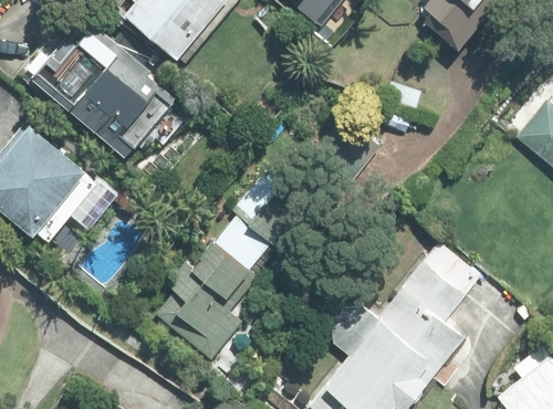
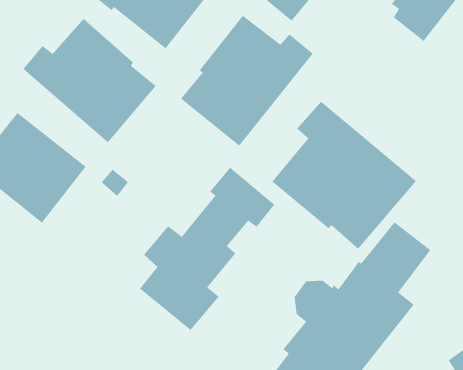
building: none -> [180,15,313,147]
building: none -> [271,101,417,249]

